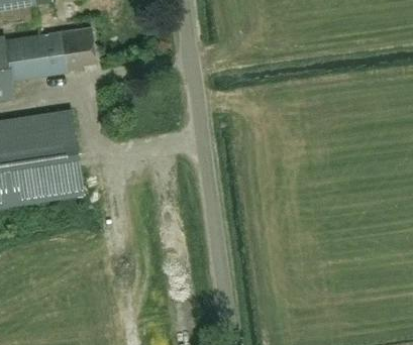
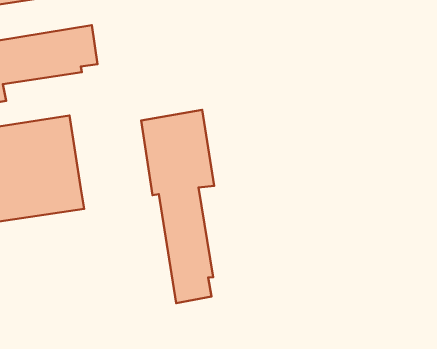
building: none -> [141,110,214,303]

